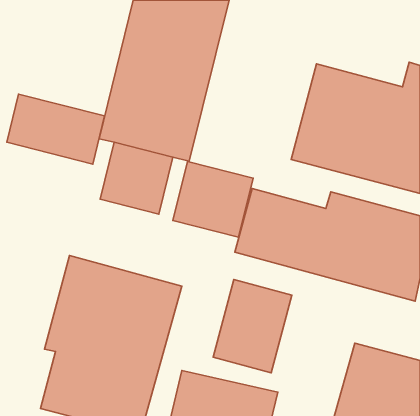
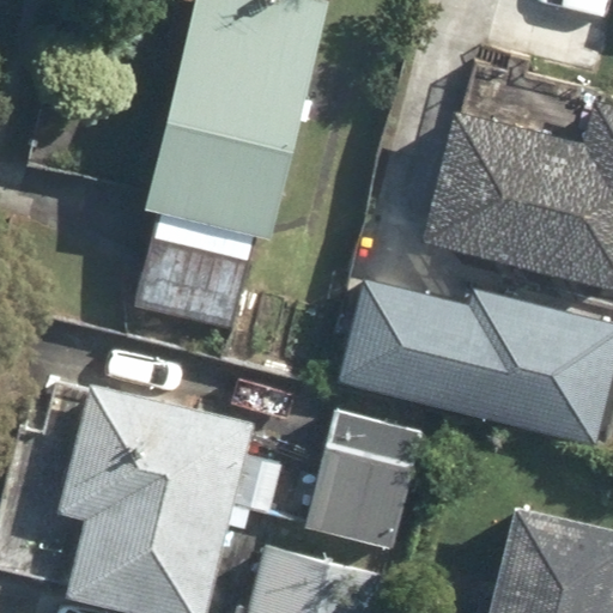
building: [7,94,105,164] -> none
building: [173,162,253,237] -> none

